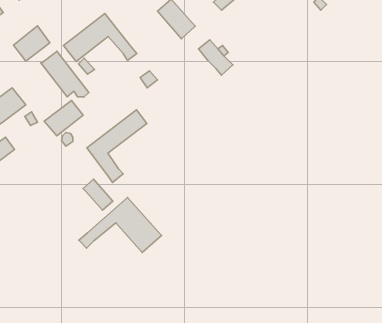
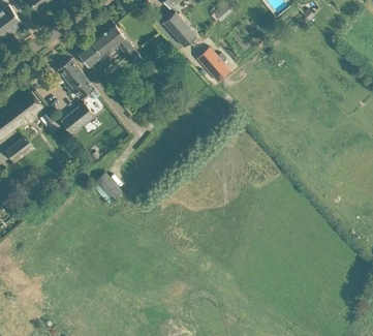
building: [13,26,50,61] -> none
building: [87,110,147,182] -> none
building: [79,198,161,253] -> none

